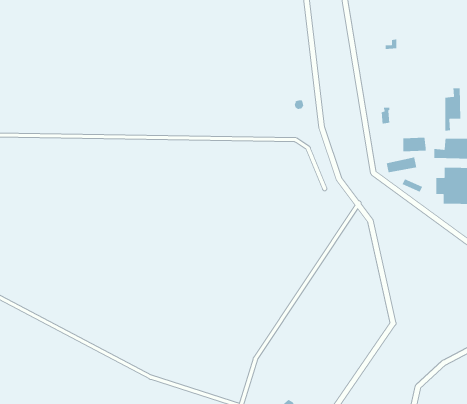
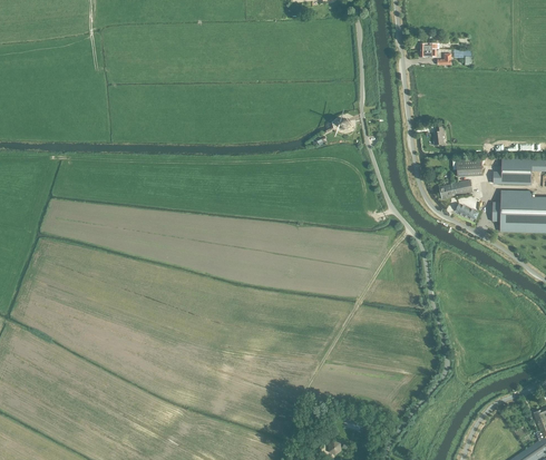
building: [445,87,461,132] -> none

